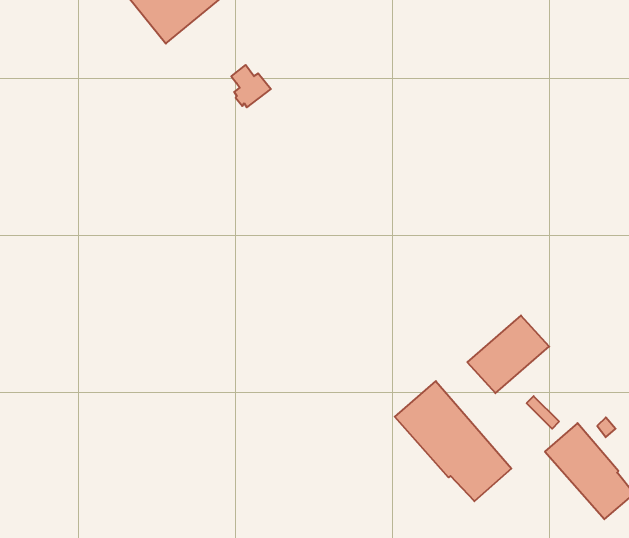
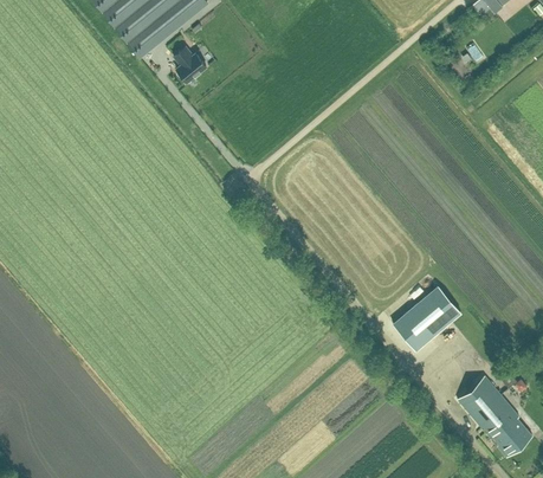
building: [231,65,271,107] -> [173,46,206,82]
building: [395,381,511,501] -> none

